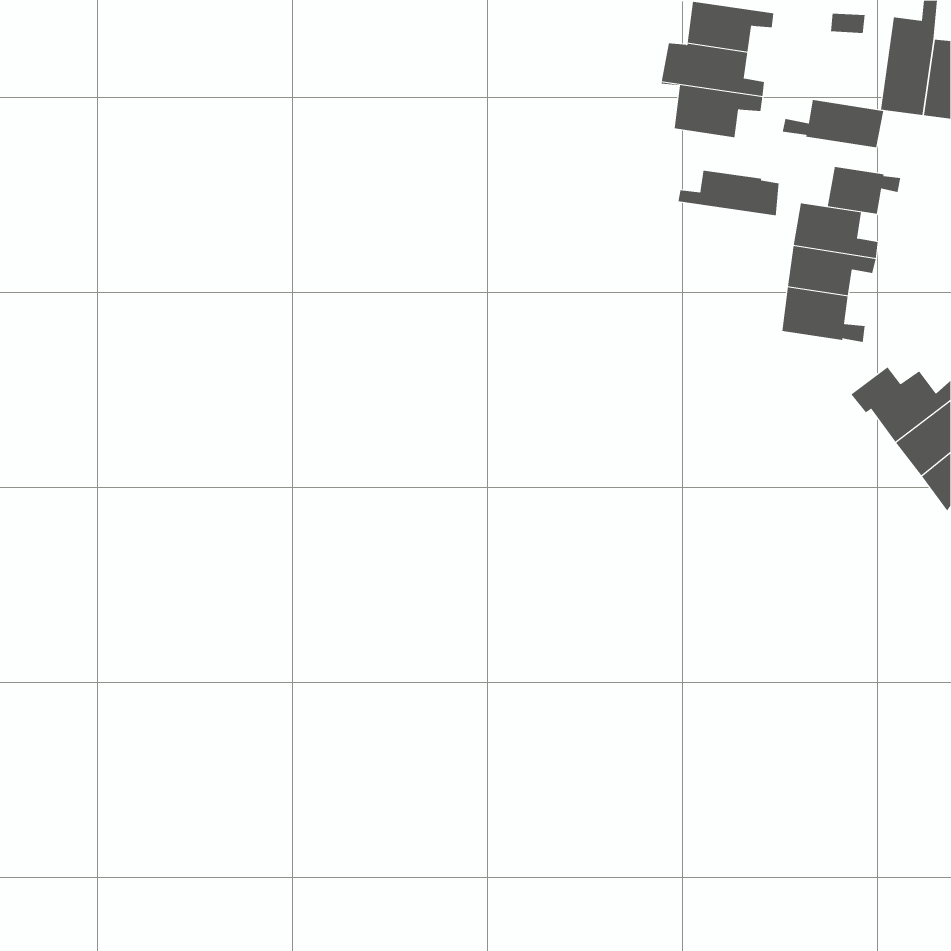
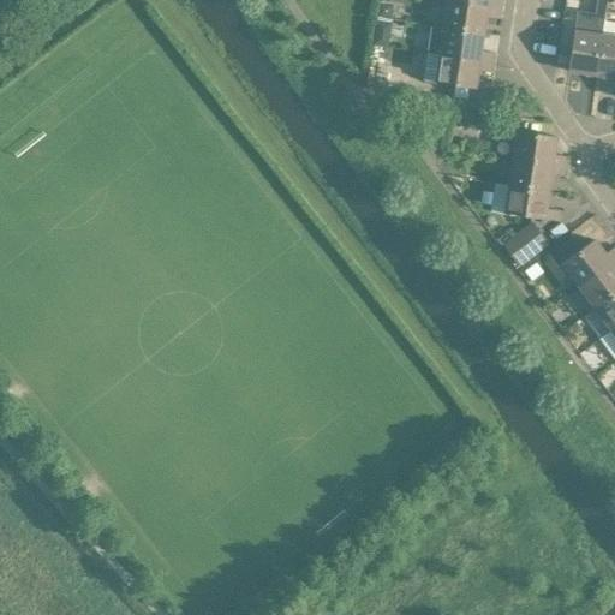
building: [782,99,884,148] -> none
building: [827,166,901,215] -> none
building: [678,170,779,216] -> none
building: none -> [501,221,549,267]

